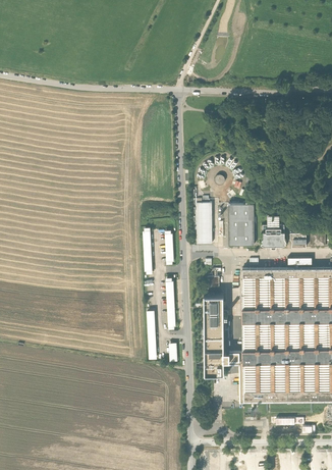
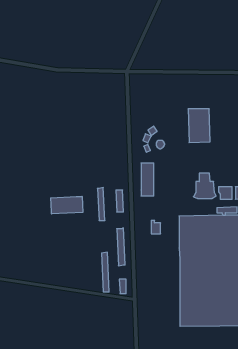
building: [227,204,254,245] -> [188,109,210,143]
building: none -> [51,196,83,214]
building: [204,294,239,373] -> none

